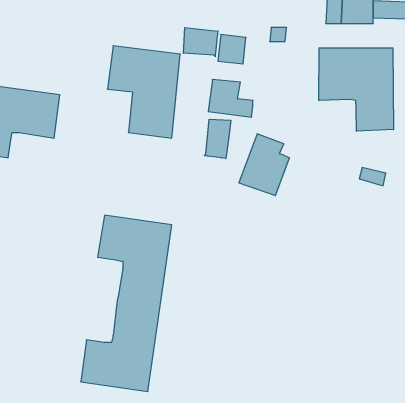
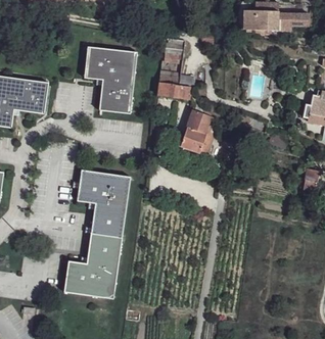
building: [184,28,218,57] -> none
building: [319,48,393,131] -> none
building: [204,119,231,159] -> none

